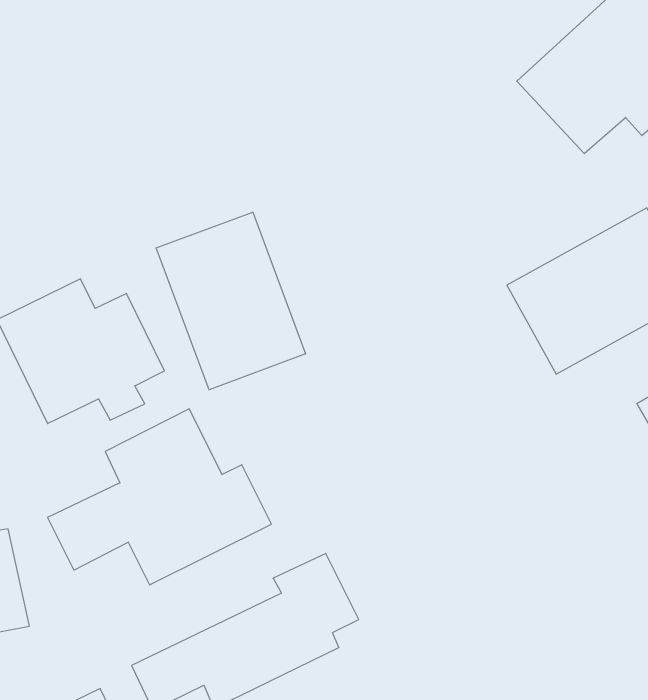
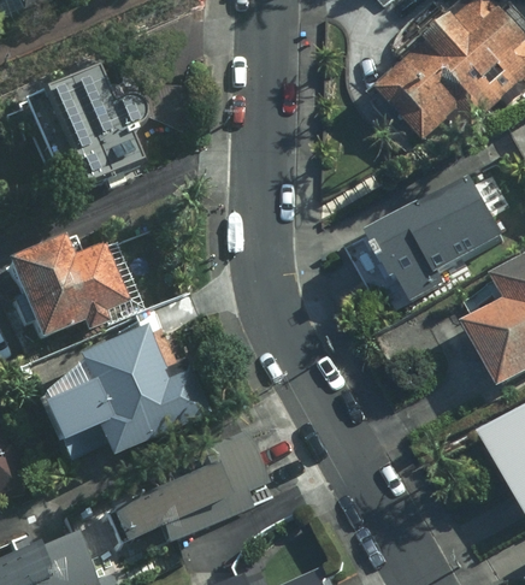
building: none -> [29,69,138,181]
building: [156,212,306,390] -> none

